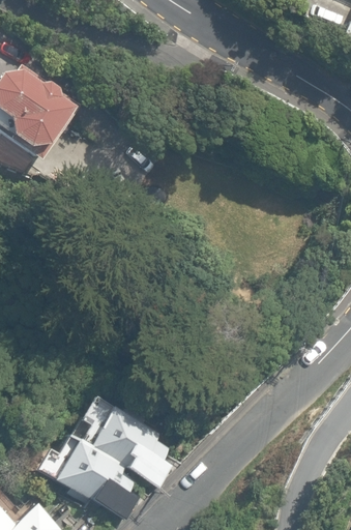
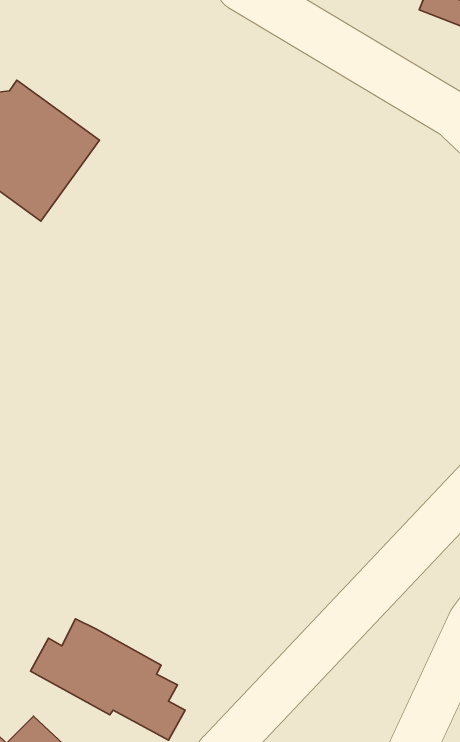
building: [75,400,172,488] -> none

